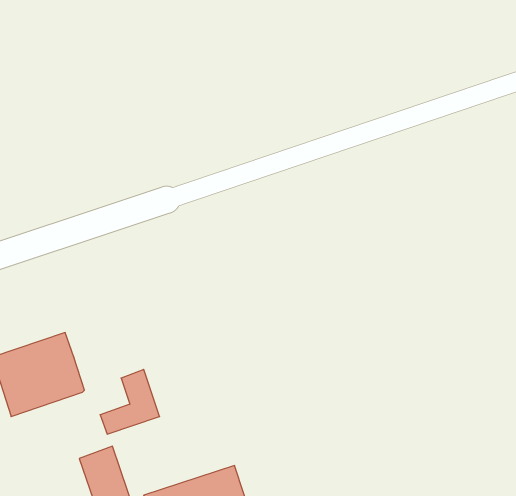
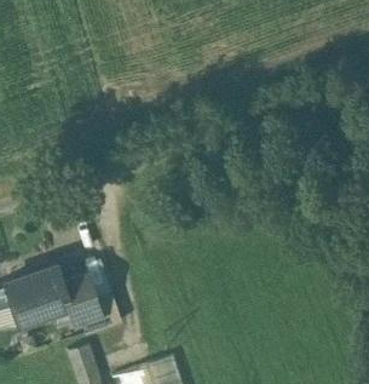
building: none -> [62,275,100,326]

